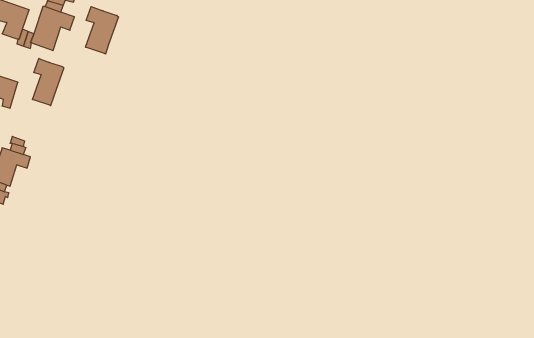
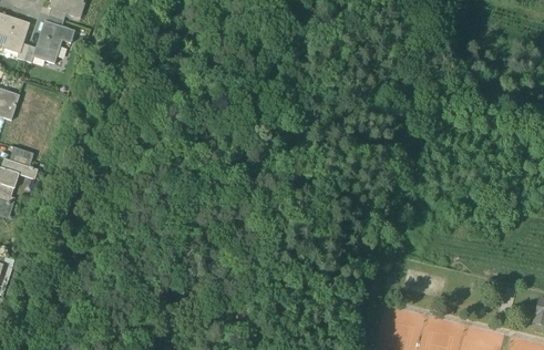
building: [86,7,118,54] -> none
building: [32,58,64,106] -> none

